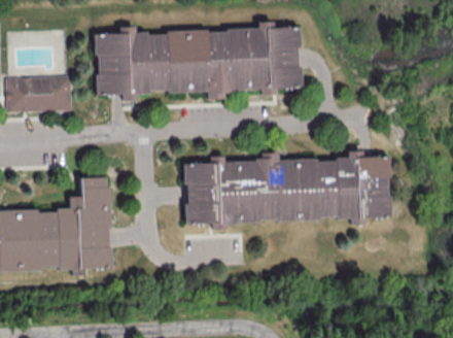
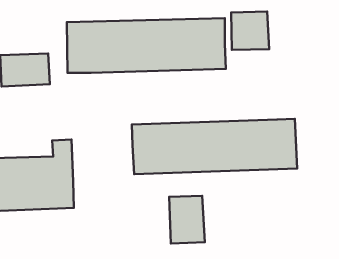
building: none -> [231,12,269,50]
building: none -> [169,196,205,243]

